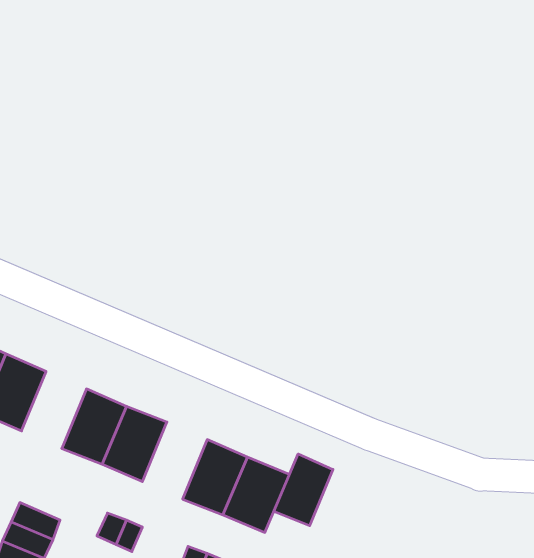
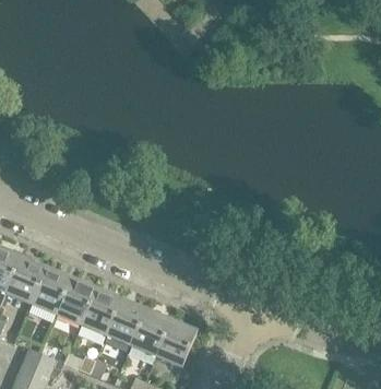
building: none -> [29,267,70,315]
building: none -> [105,298,145,346]
building: [274,454,333,526] -> none

